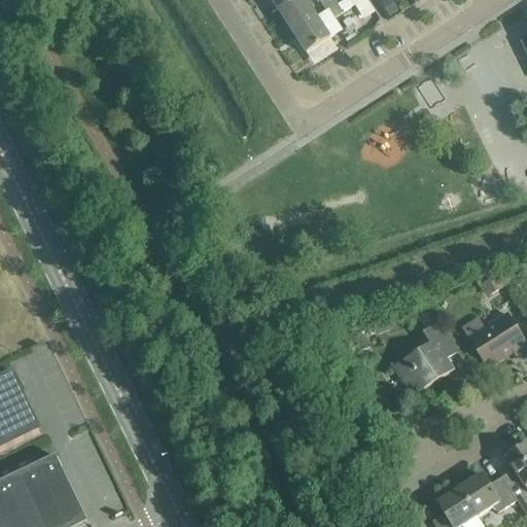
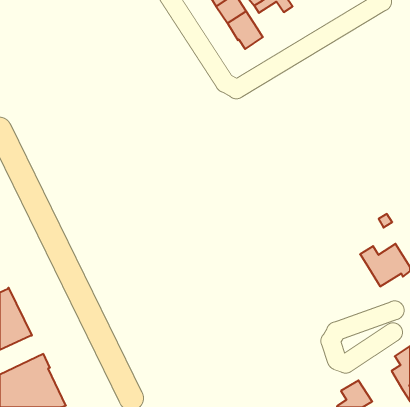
building: [393,320,457,394] -> none
building: [459,472,516,514] -> none

